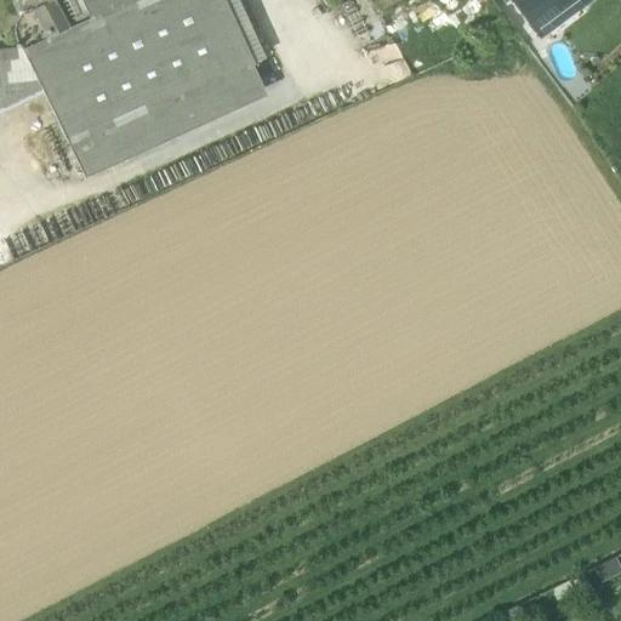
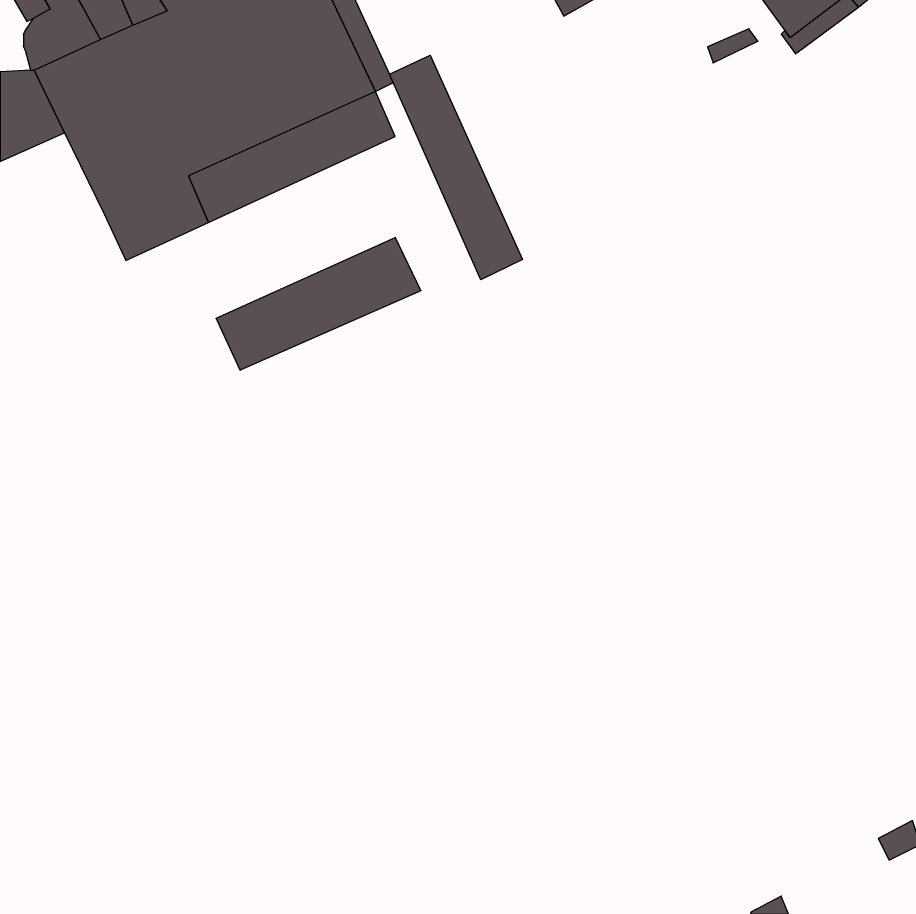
building: none -> [390,55,523,280]
building: none -> [216,237,421,370]

